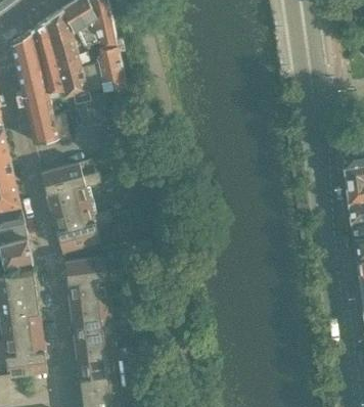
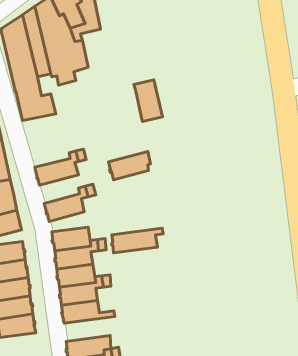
building: [95,46,126,91] -> [134,80,163,122]
building: [41,165,84,194] -> none
building: [51,202,96,233] -> [109,151,151,180]
building: [78,355,133,381] -> [112,228,163,253]

